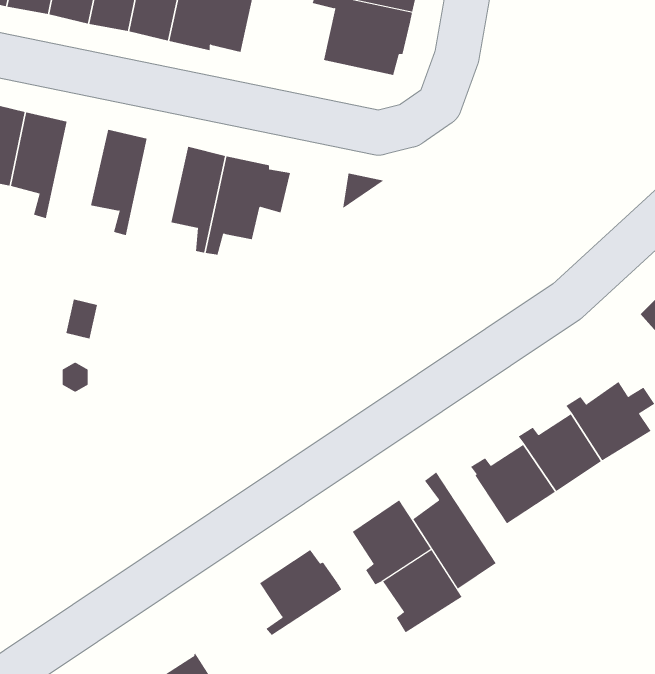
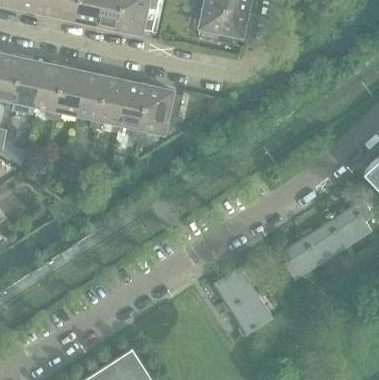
building: none -> [53,69,85,121]
building: none -> [95,78,127,130]
building: [413,471,496,589] -> none
building: [259,549,342,636] -> none

